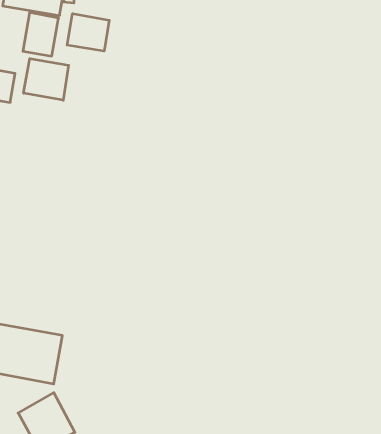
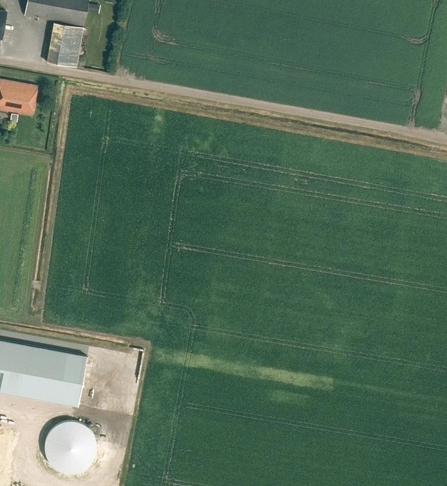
building: [67,14,109,51] -> none
building: [24,59,69,100] -> none

